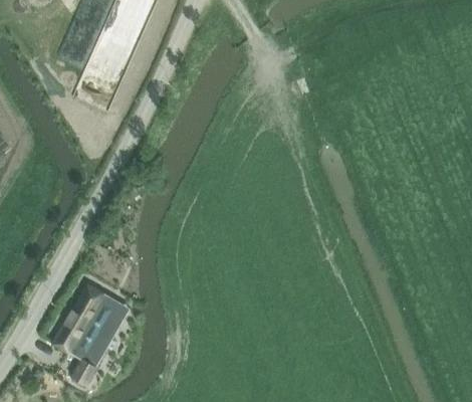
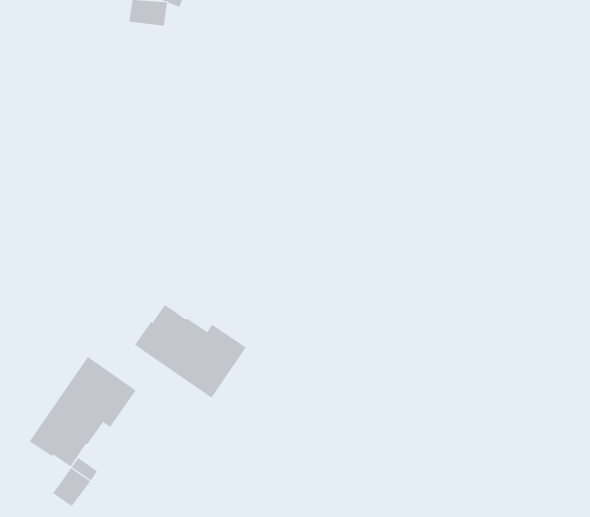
building: none -> [134,304,246,399]

